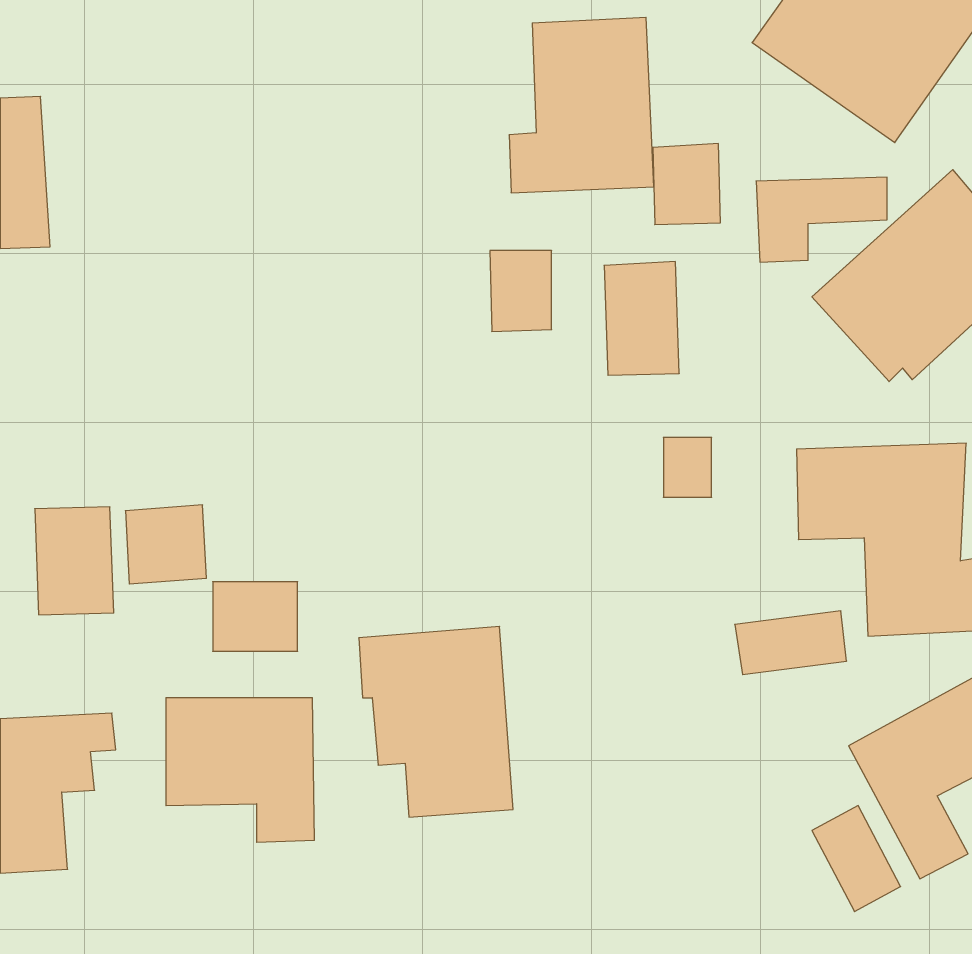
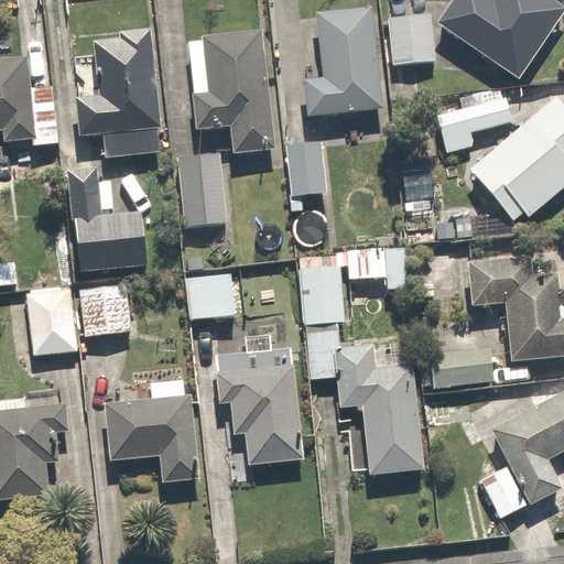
building: none -> [74,29,163,158]
building: none -> [188,32,273,154]
building: [653,144,720,225] -> [391,12,430,58]
building: [604,262,679,375] -> [300,259,343,324]
building: none -> [181,151,220,225]
building: none -> [78,166,147,267]
building: [213,582,298,651] -> [184,278,232,317]
building: none -> [329,340,422,476]

